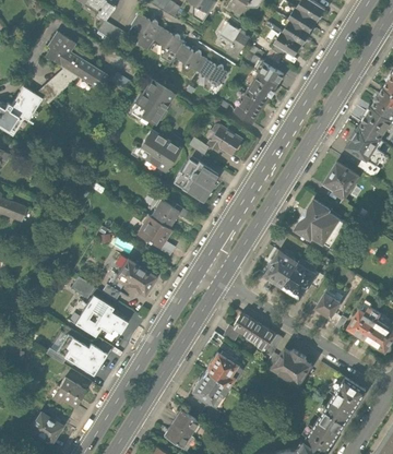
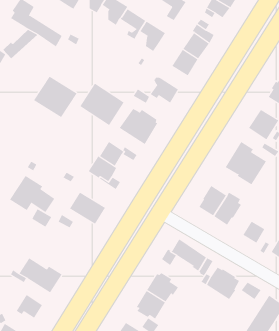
building: [129,75,180,124] -> [33,76,77,118]
building: [74,295,128,338] -> [9,175,55,213]

